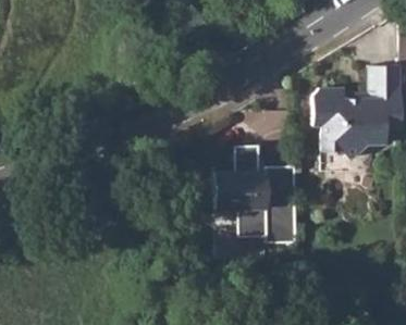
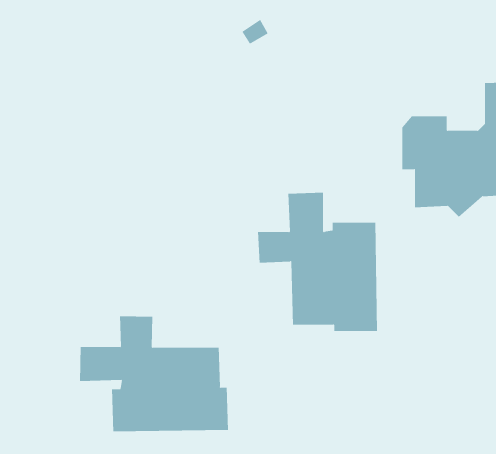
building: none -> [80,315,228,432]

